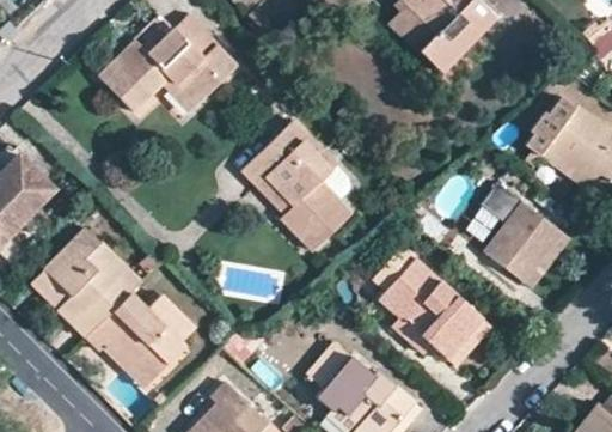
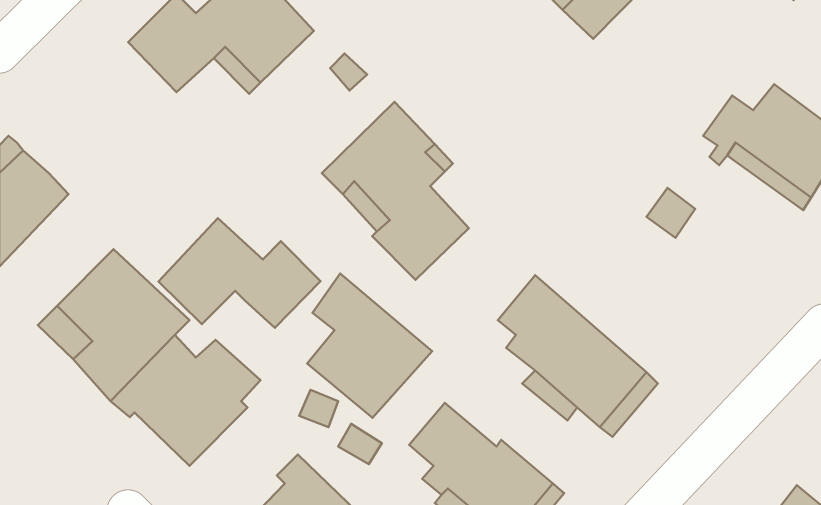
building: [484,201,561,282] -> none
building: none -> [158,218,320,328]
building: none -> [307,273,432,418]

